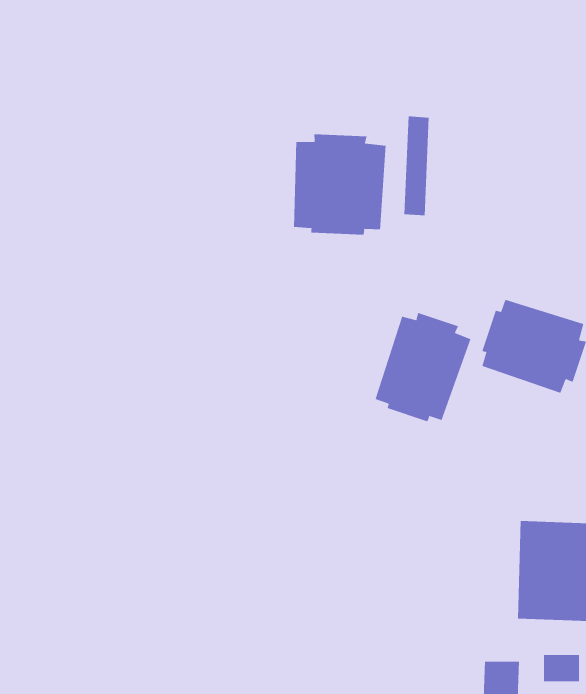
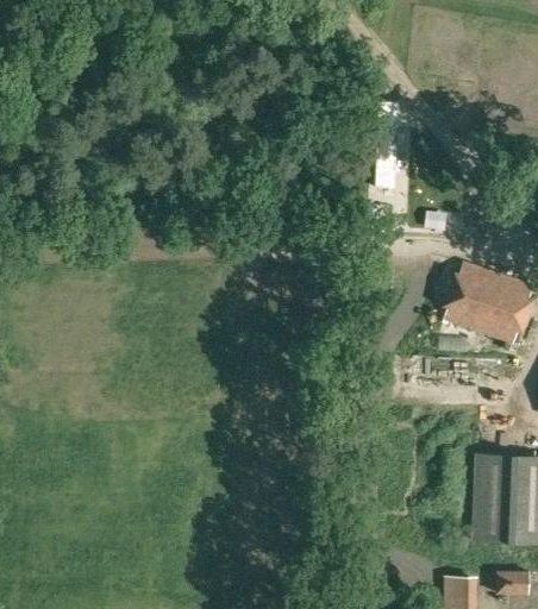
building: [293,134,386,235] -> none
building: [375,312,471,422] -> none

